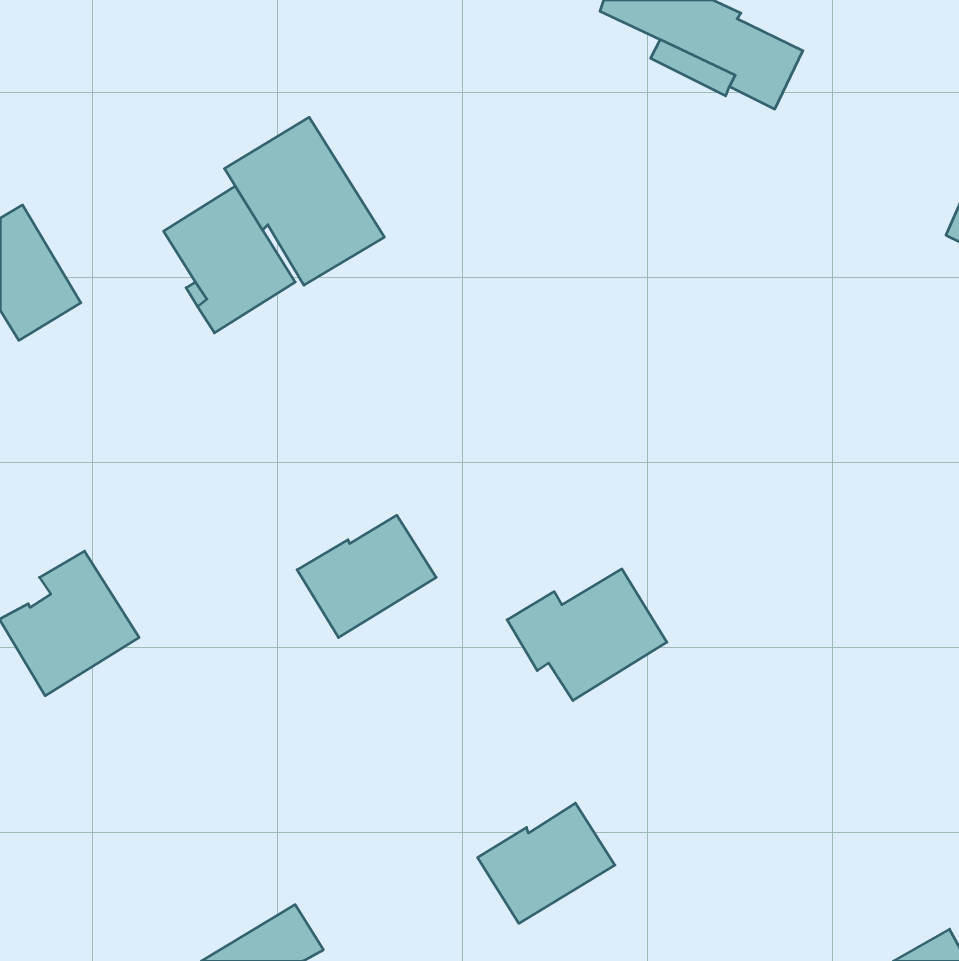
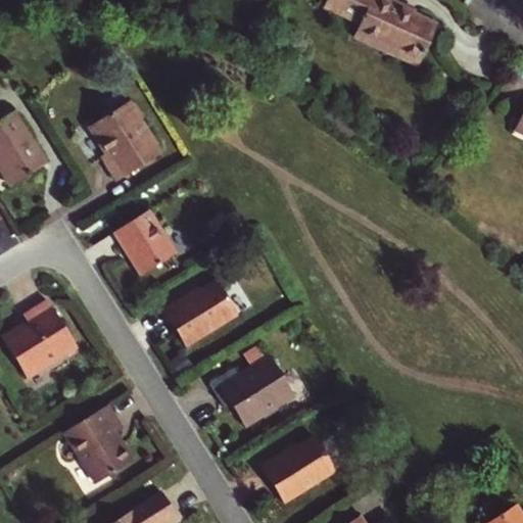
building: [224,117,384,285] -> none
building: none -> [114,209,176,275]
building: [507,569,667,701] -> [208,355,295,427]
building: none -> [63,405,133,483]

